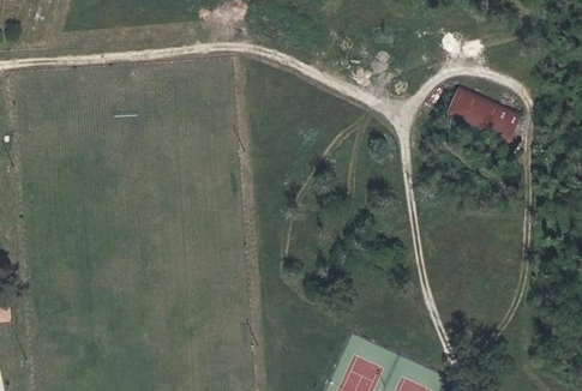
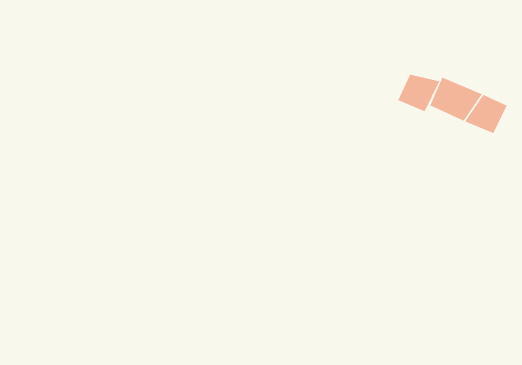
building: none -> [397,74,440,112]

